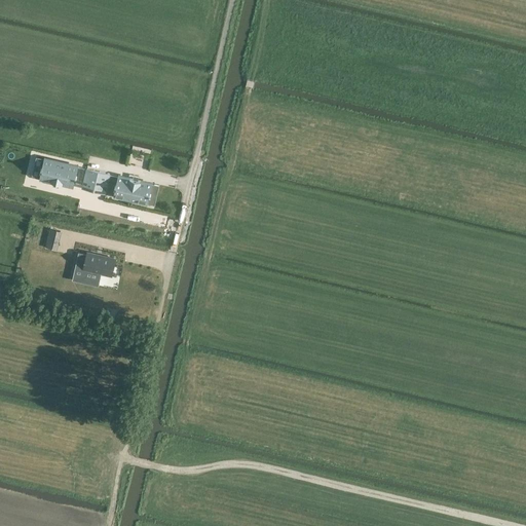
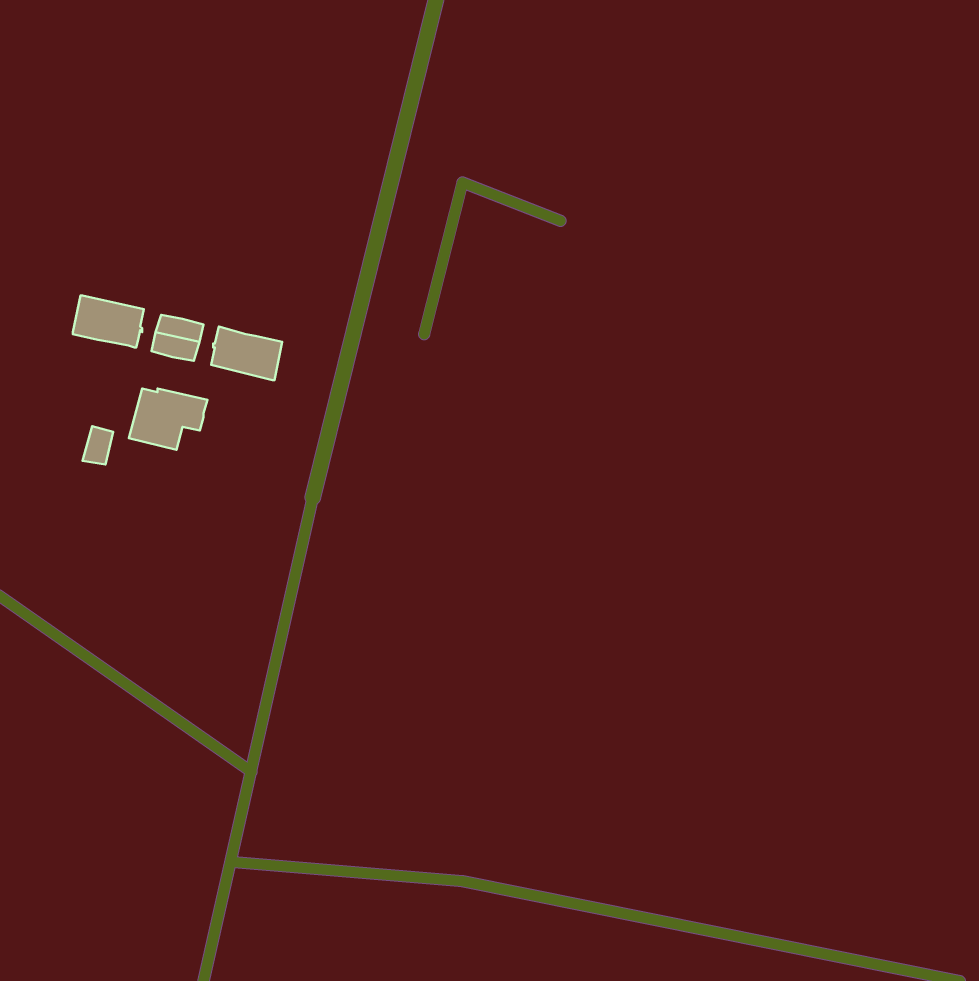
building: [71,252,113,285] -> [129,388,207,450]

